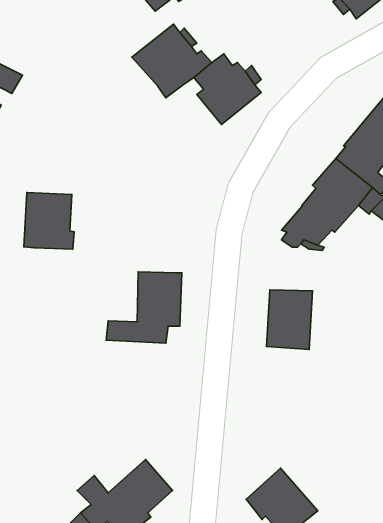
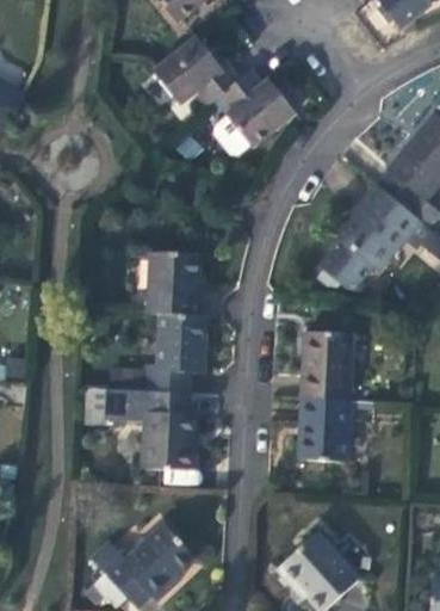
building: [24,192,74,249] -> [145,252,202,315]
building: none -> [107,389,198,471]
building: none -> [297,397,348,463]

